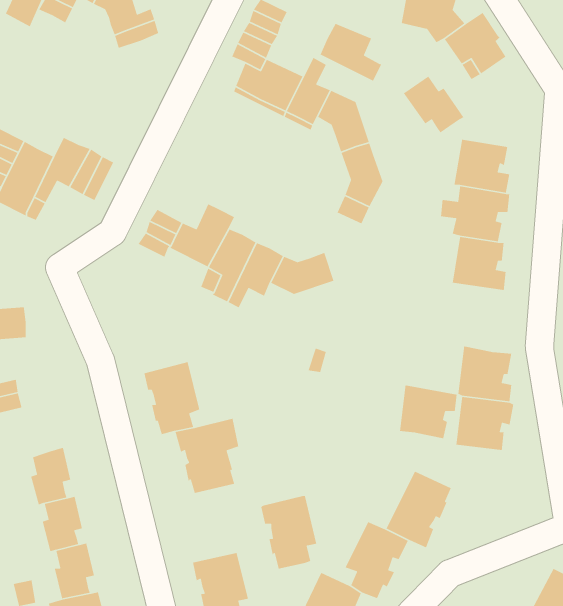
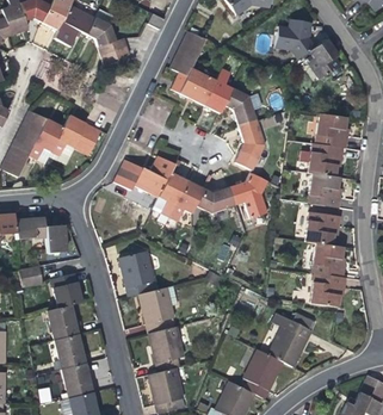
building: [320,23,383,82] -> none
building: [403,76,465,133] -> none
building: none -> [230,171,267,218]
building: none -> [48,225,69,253]
building: [399,385,458,439] -> [305,212,341,246]
building: none -> [52,274,81,306]
building: [261,495,317,569] -> [149,327,184,372]

